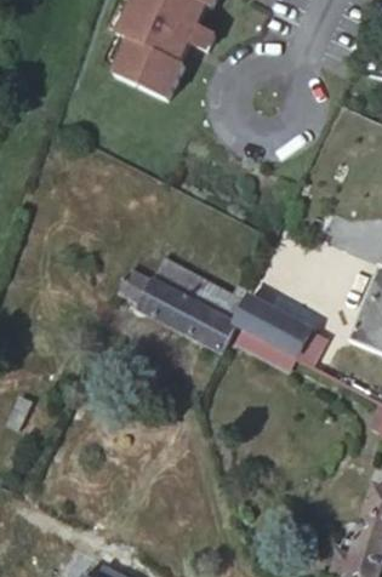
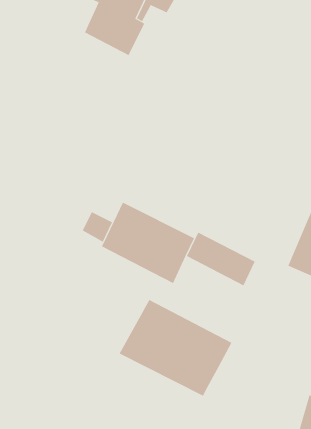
building: none -> [119,299,232,396]

